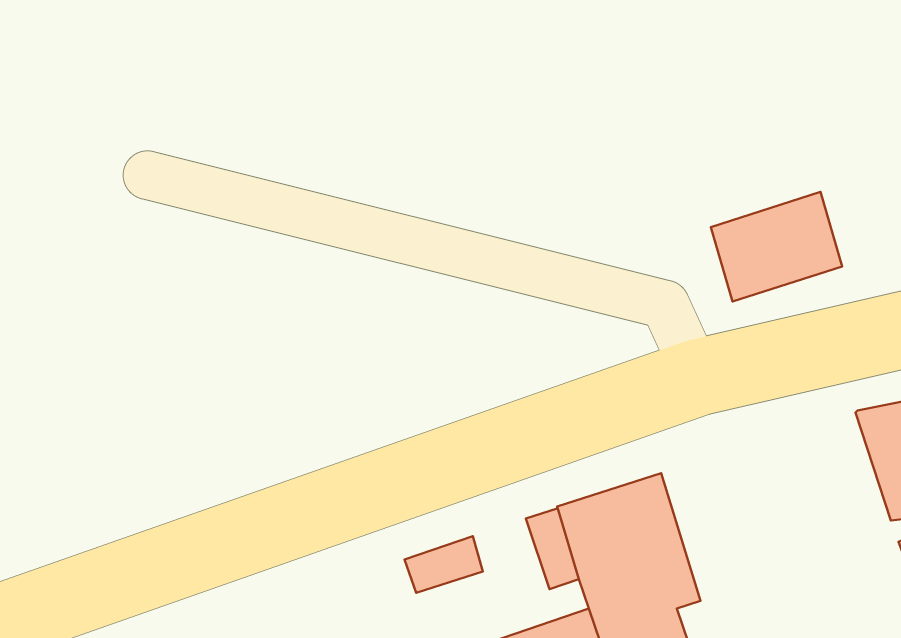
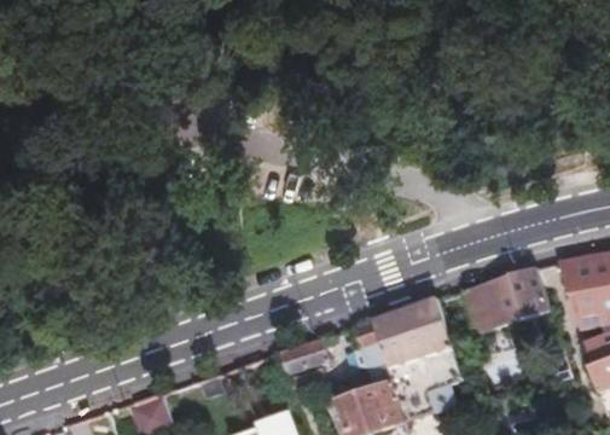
building: [711,192,842,302] -> [469,266,550,334]

